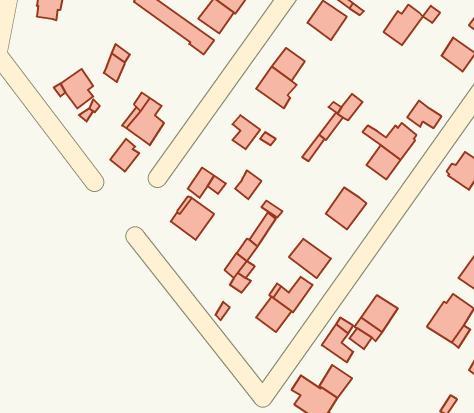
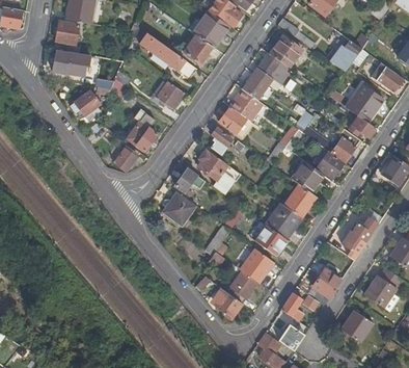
building: none -> [53,51,78,74]
building: none -> [253,53,289,84]
building: none -> [156,81,184,109]
building: none -> [346,84,382,122]
building: none -> [218,106,252,137]
building: none -> [198,149,227,180]
building: none -> [292,161,324,192]
building: none -> [266,203,301,238]
building: none -> [342,216,379,251]
building: none -> [213,287,242,317]
building: none -> [342,310,374,342]

